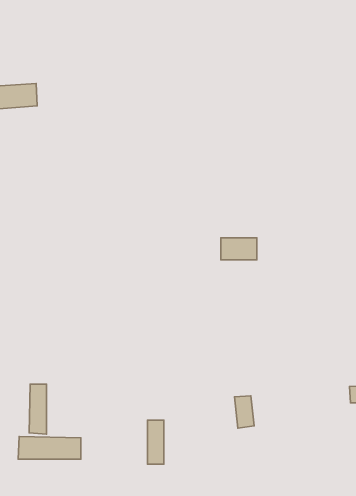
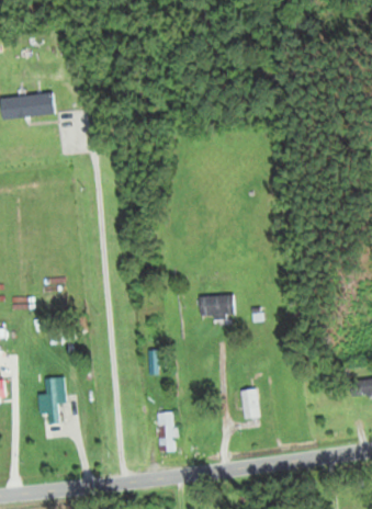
building: [221,238,257,260] -> [200,295,234,316]
building: [18,436,81,459] -> none

